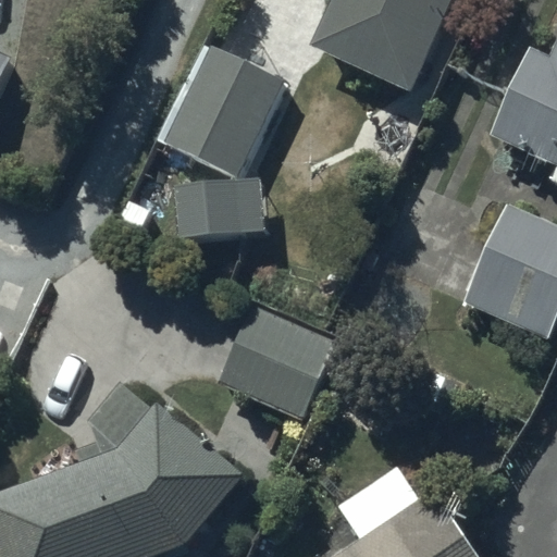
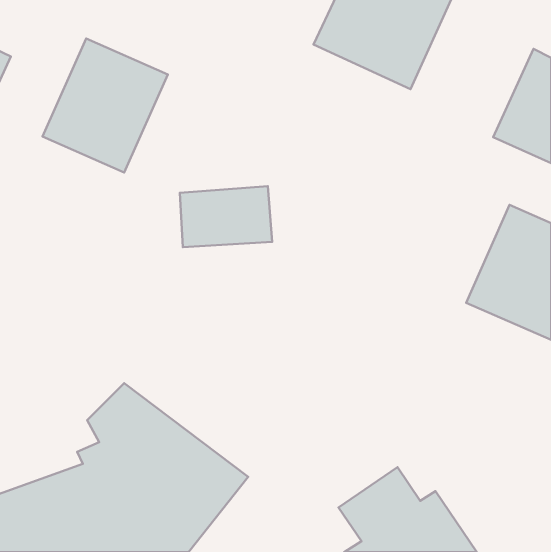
building: [154,42,280,176] -> [43,39,168,173]
building: [216,306,339,422] -> none

